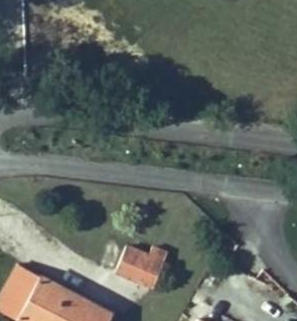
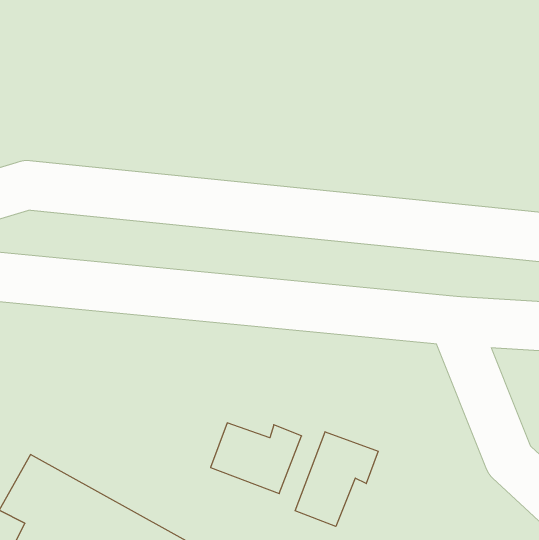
building: none -> [295,432,378,526]

